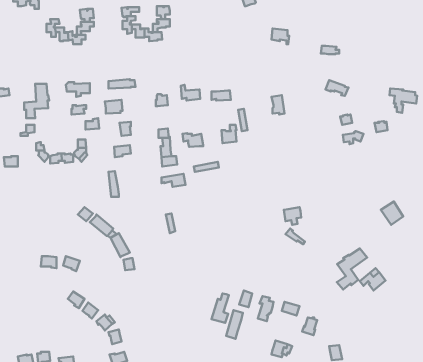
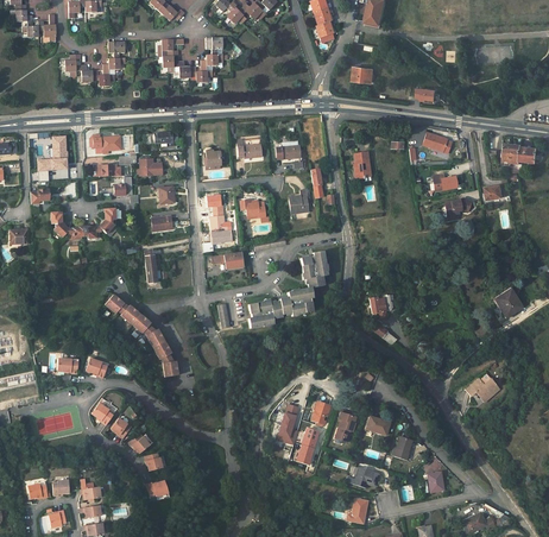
building: none -> [248,251,327,327]
building: [337,248,367,290] -> none

